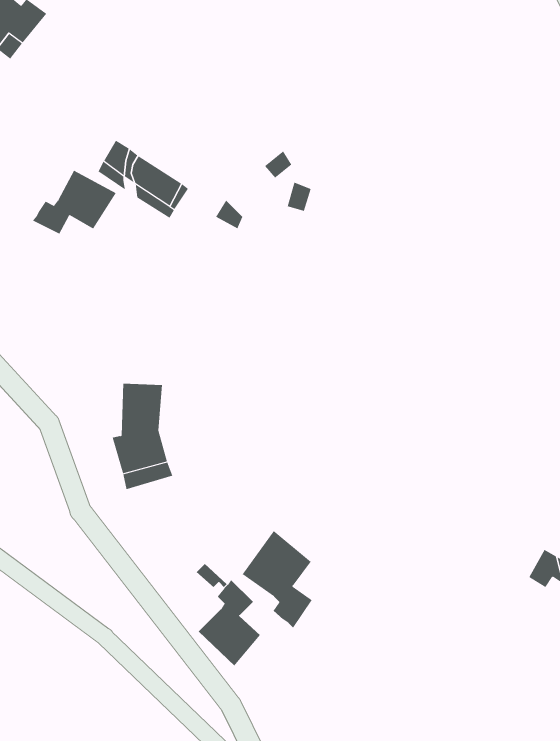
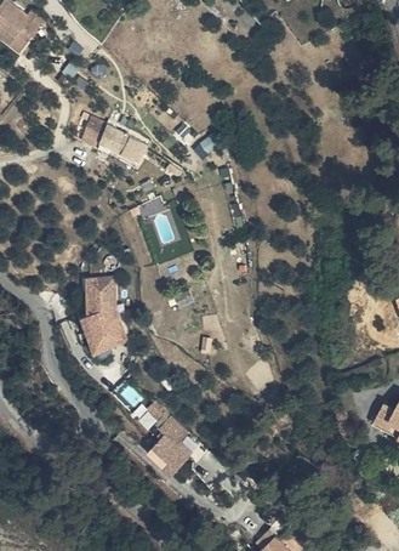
building: [32,170,117,235] -> none
building: [242,530,313,629] -> none

